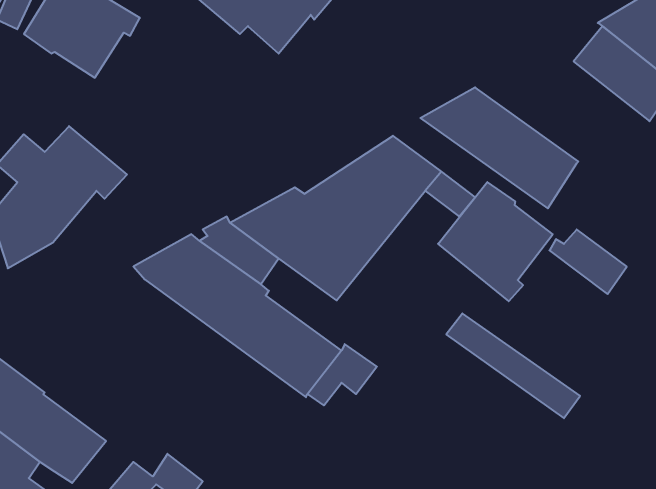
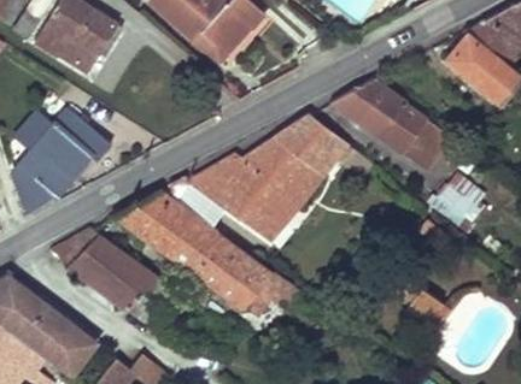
building: [438,182,553,301] -> none
building: none -> [51,228,176,325]

